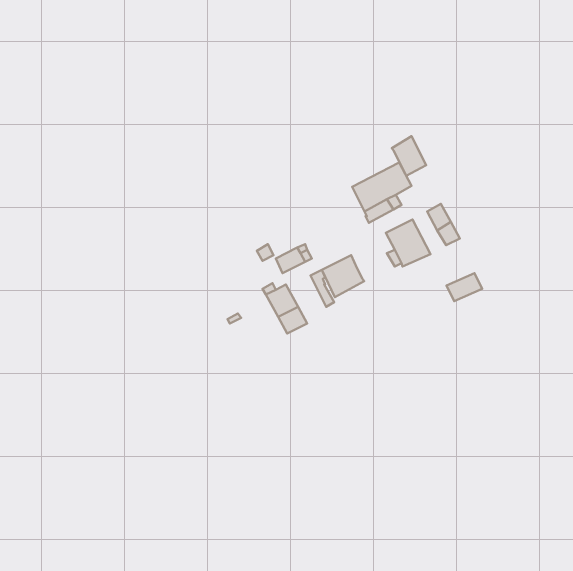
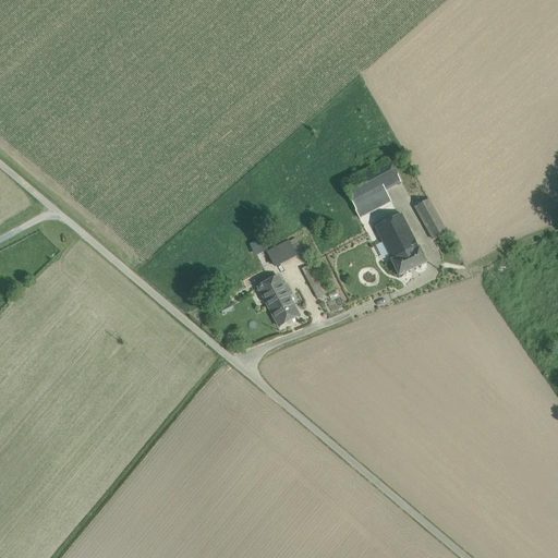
building: [392,136,426,176] -> none
building: [322,255,364,297] -> none
building: [446,273,482,301] -> [391,247,426,275]

